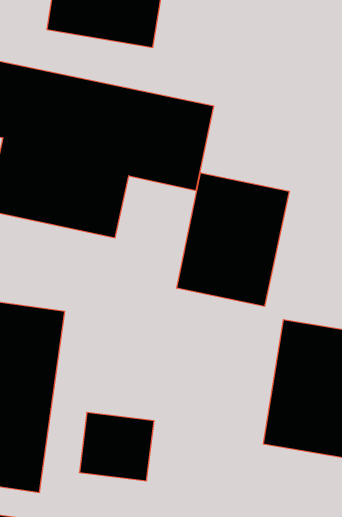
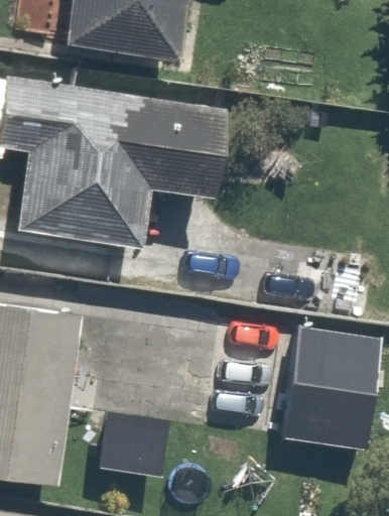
building: [177,173,289,306] -> none

